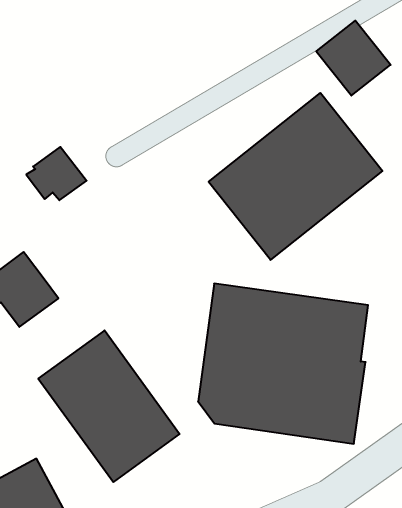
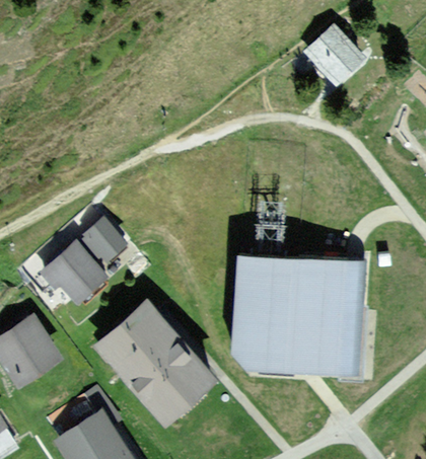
building: [209,93,382,260] -> none
building: [26,147,87,200] -> [77,218,128,262]

